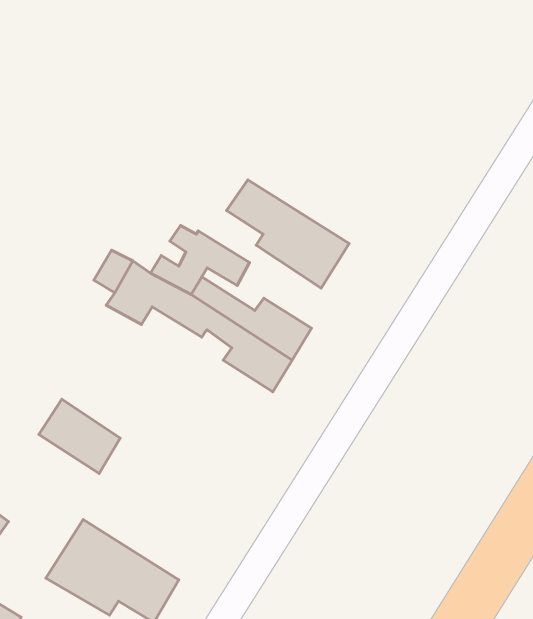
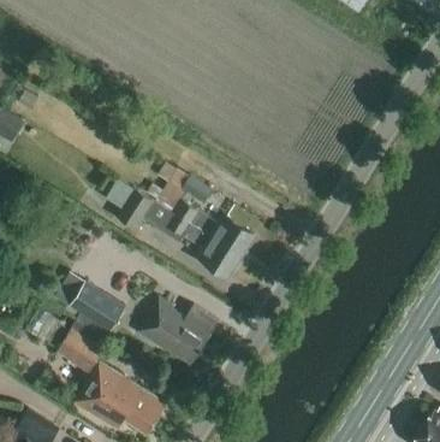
building: [226,180,349,288] -> none
building: none -> [137,297,219,366]
building: none -> [58,320,109,372]

